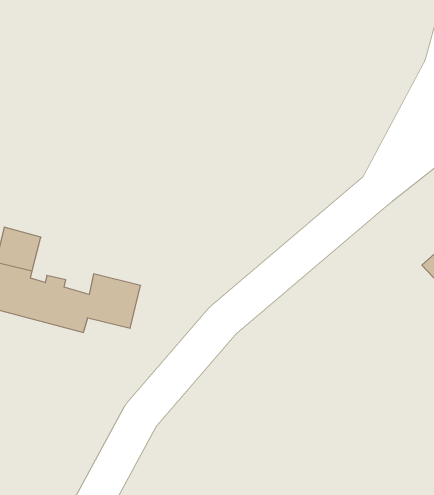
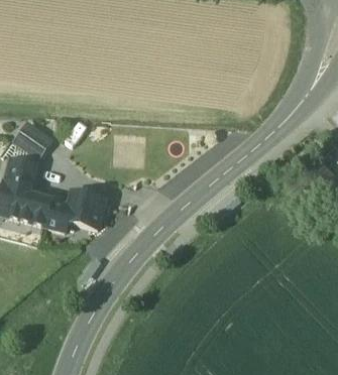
building: none -> [14,122,50,157]

